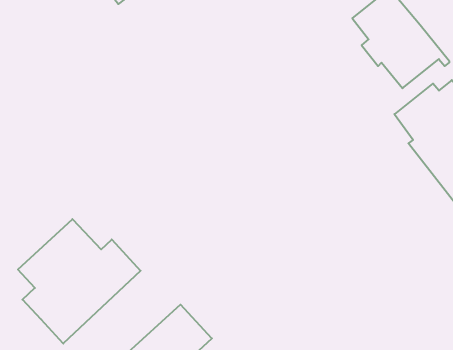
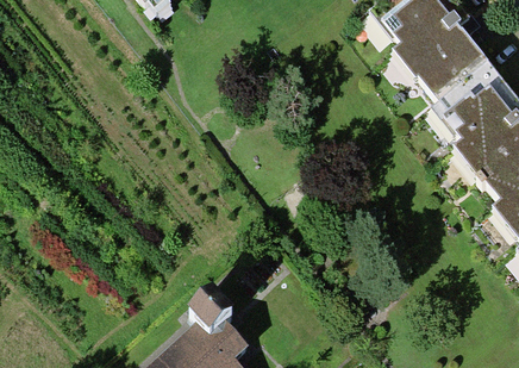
building: [18,219,141,344] -> none

